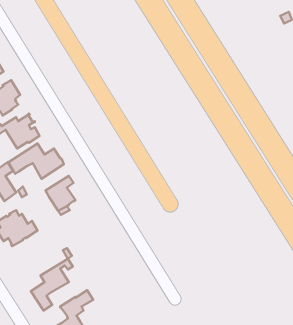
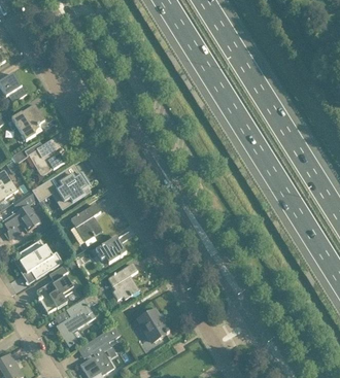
building: none -> [95,236,125,261]
building: none -> [107,263,138,300]
building: none -> [36,265,73,312]
building: none -> [137,308,168,341]

